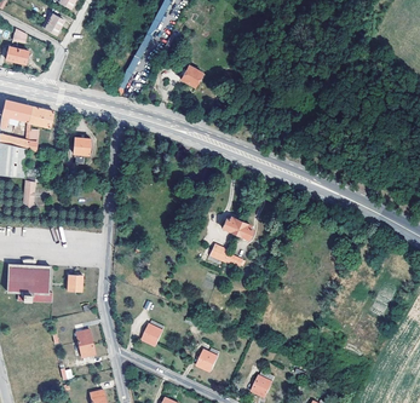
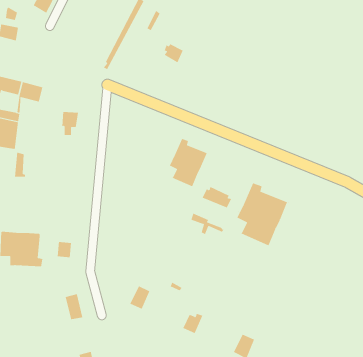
building: none -> [169,138,208,187]
building: none -> [237,183,289,246]

